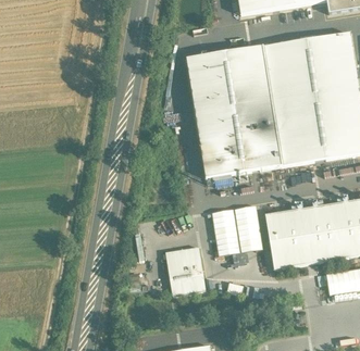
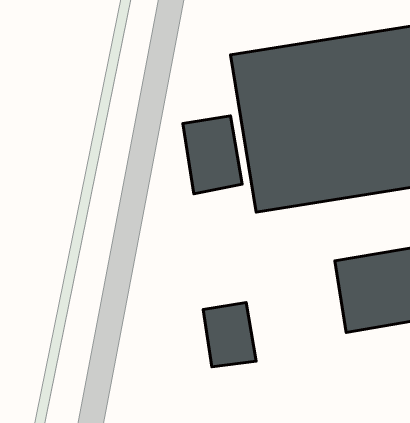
building: none -> [183,116,242,194]
building: [212,206,263,258] -> none

